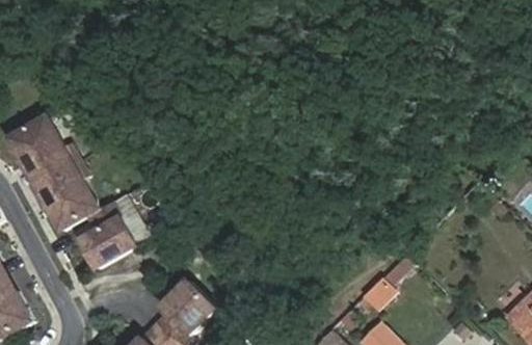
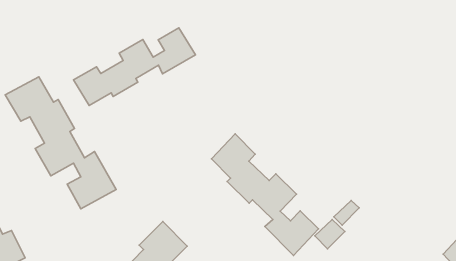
building: none -> [73,28,196,106]
building: none -> [211,134,319,255]

